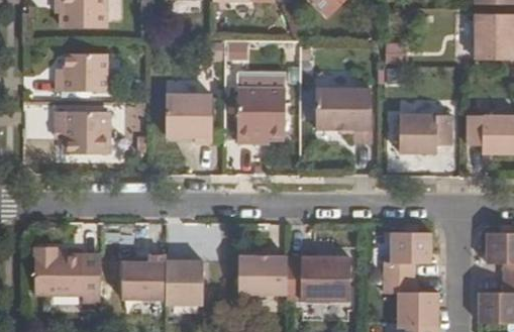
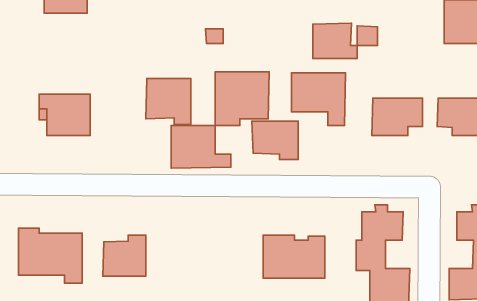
building: none -> [313,23,357,58]
building: [56,54,106,91] -> none
building: none -> [252,121,298,160]
building: none -> [171,126,231,168]
building: [166,256,203,306] -> none
building: [238,256,287,294] -> none

